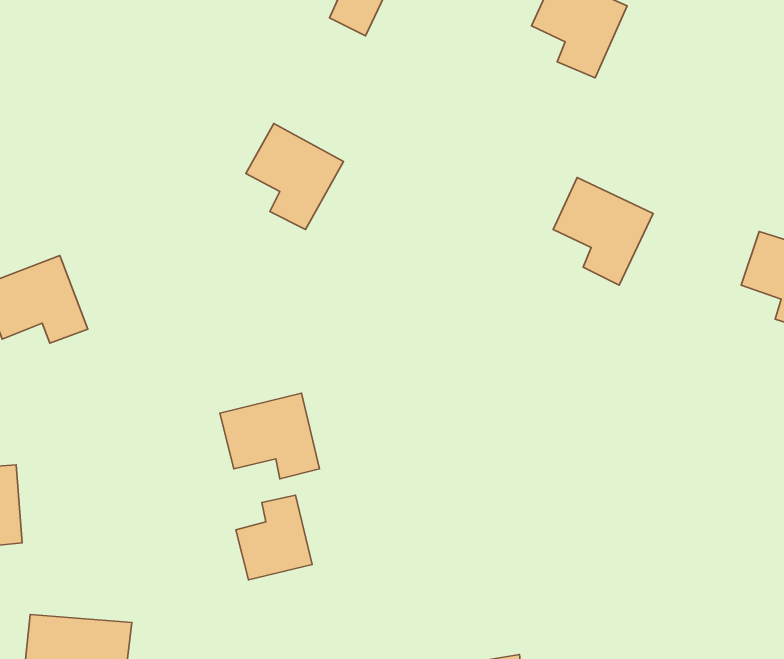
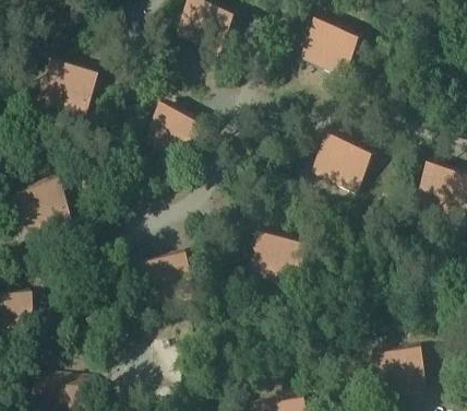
building: none -> [43,56,95,110]
building: none -> [255,230,308,283]
building: [236,495,312,580] -> none
building: none -> [375,343,423,388]

